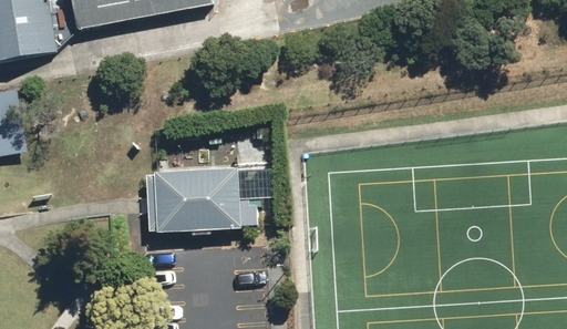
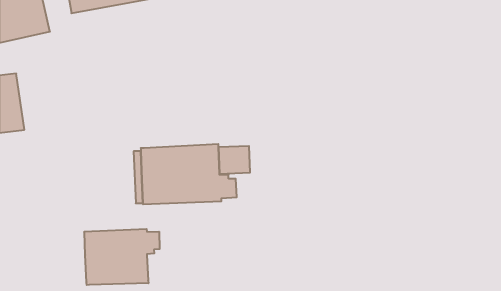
building: none -> [84,229,160,285]

